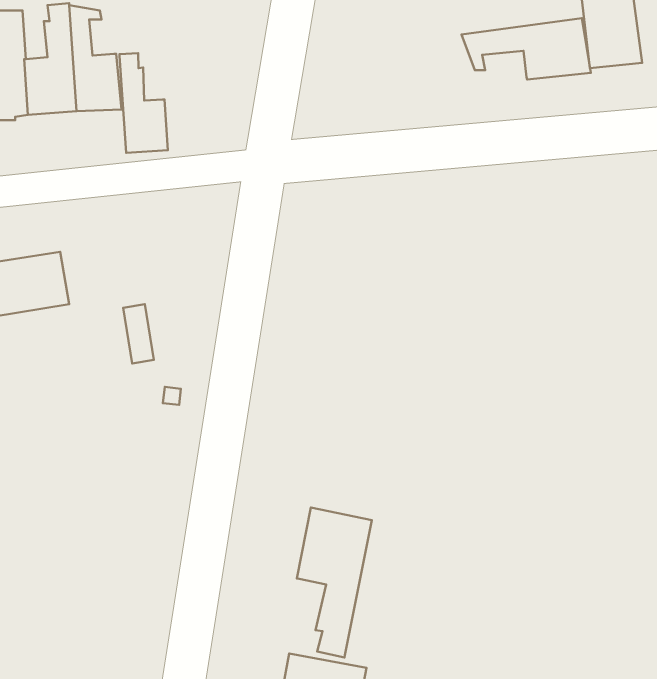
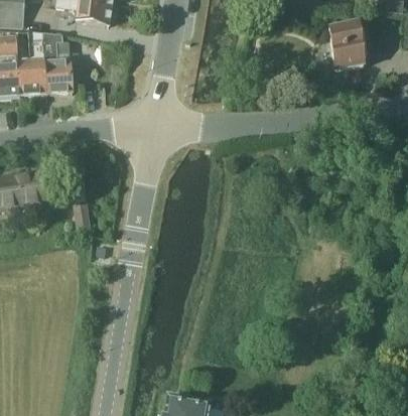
building: [461,18,591,79] -> none
building: [119,53,168,153] -> none
building: [297,507,372,658] -> none

